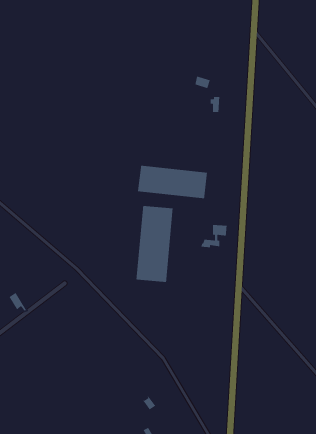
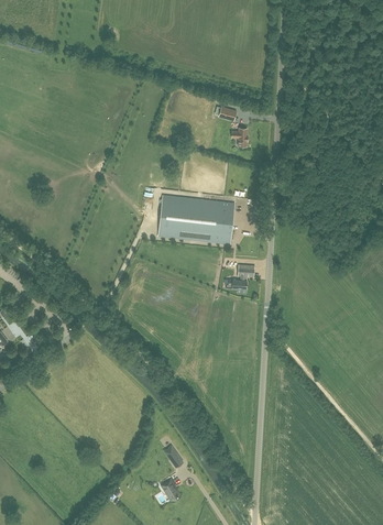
building: [136,205,174,283] -> none

